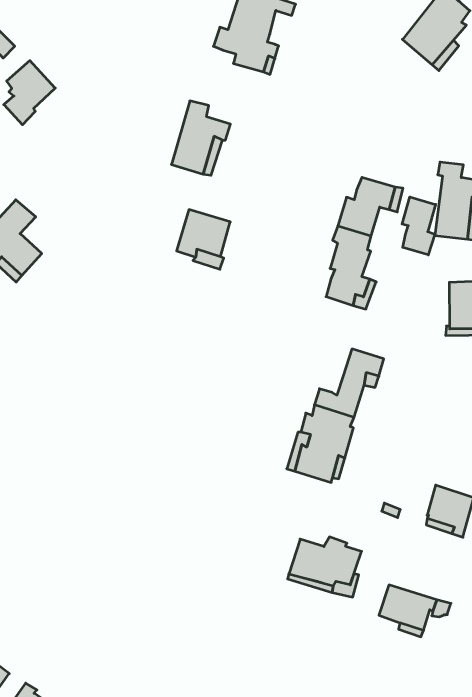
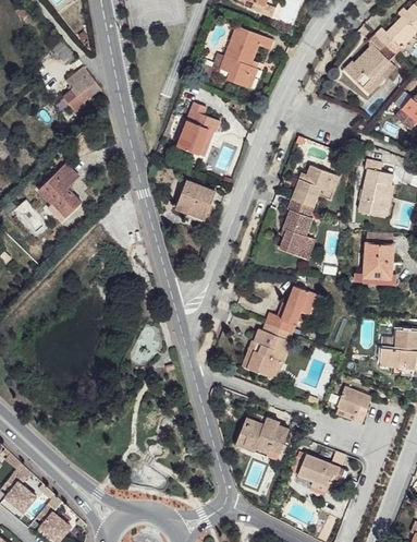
building: [402,197,436,255] -> none

